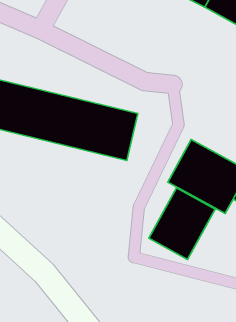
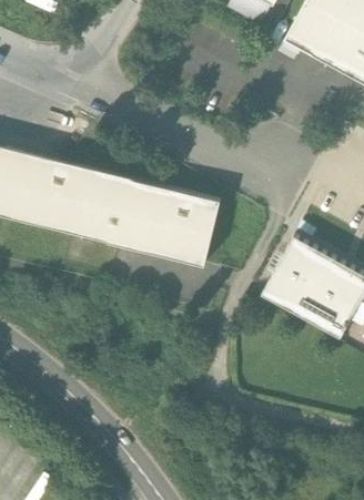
building: [149,188,215,259] -> none

